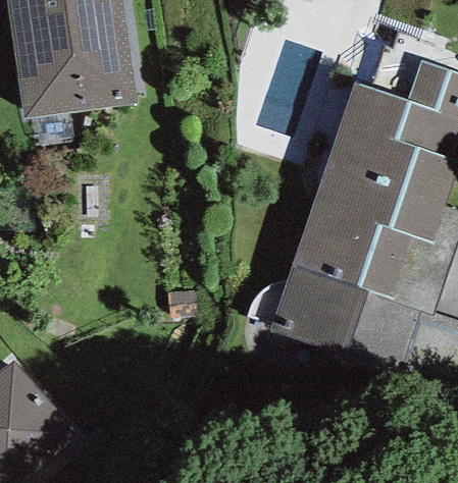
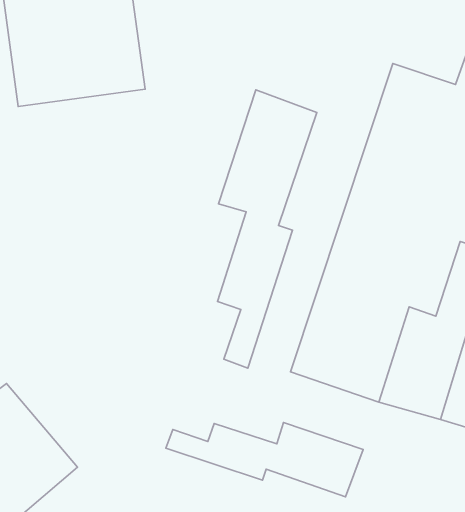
building: none -> [217,90,317,368]
building: none -> [166,423,363,497]

